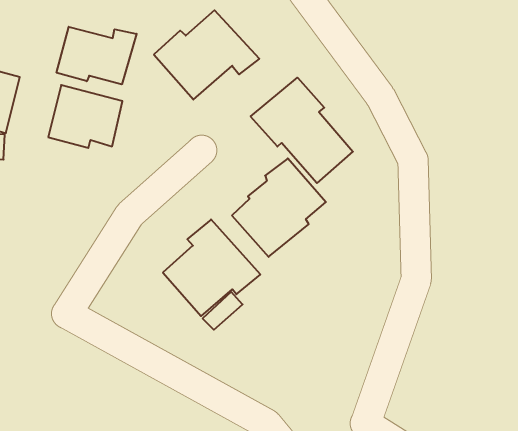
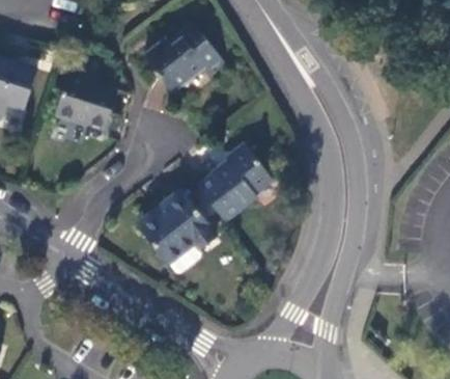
building: [57,27,137,84] -> none
building: [251,78,353,183] -> none

